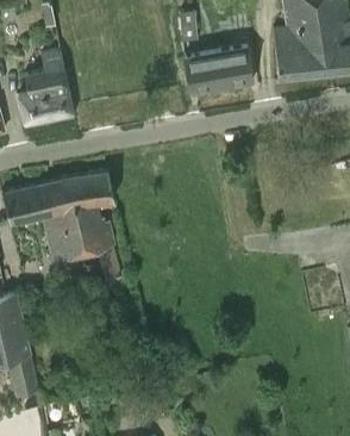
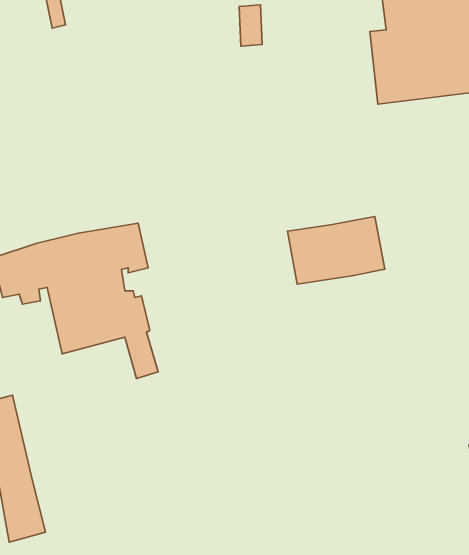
building: [183,46,254,95] -> [287,216,385,284]
building: [18,50,74,127] -> none

